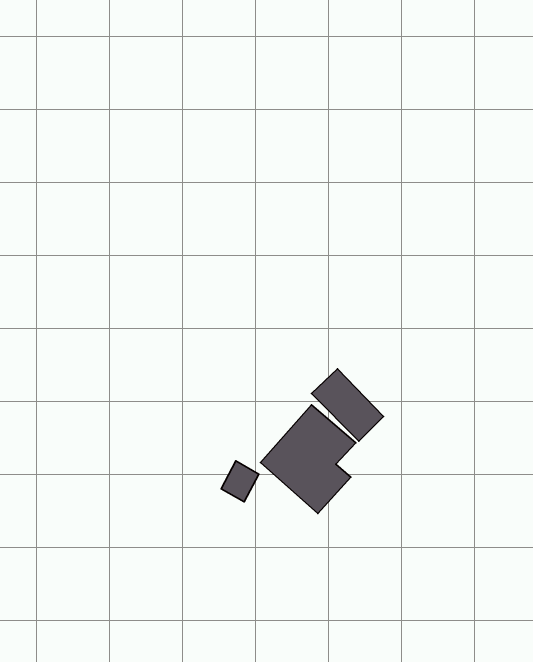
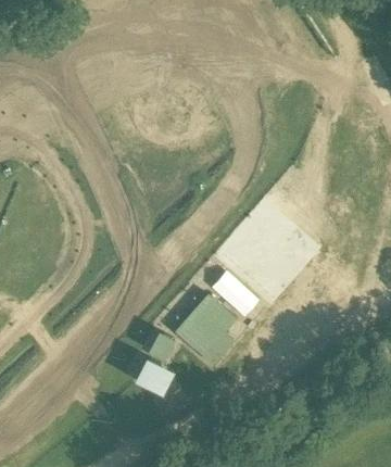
building: none -> [135,358,175,395]

